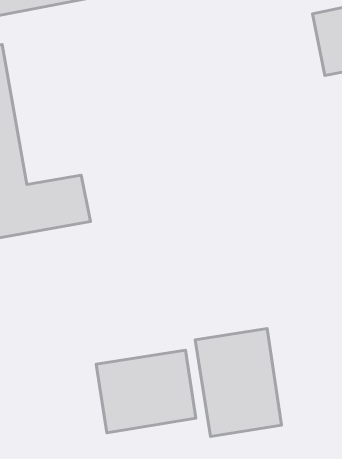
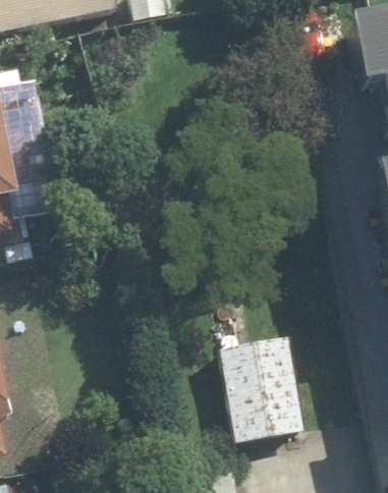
building: [96,350,196,433] -> none

